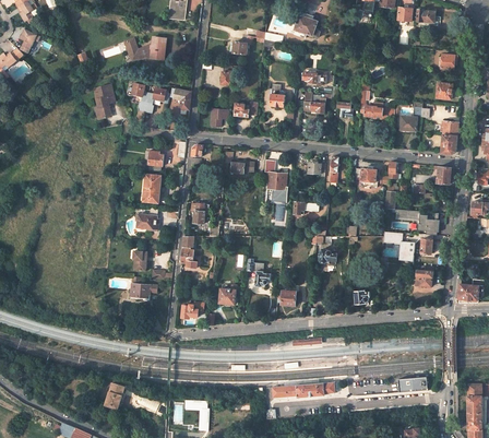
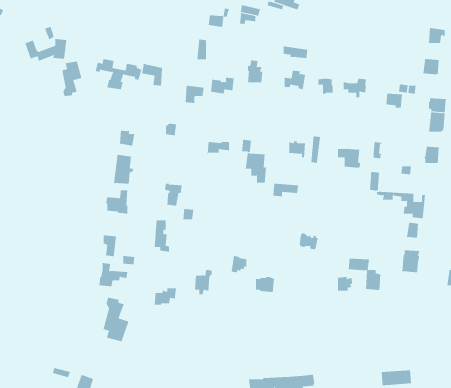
building: [123,37,164,59] -> [24,39,67,62]
building: [381,230,413,261] -> [348,258,381,290]
building: none -> [103,297,129,342]

